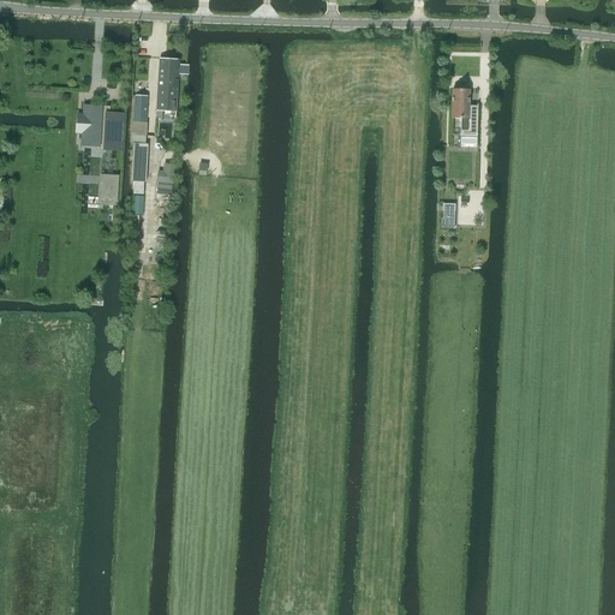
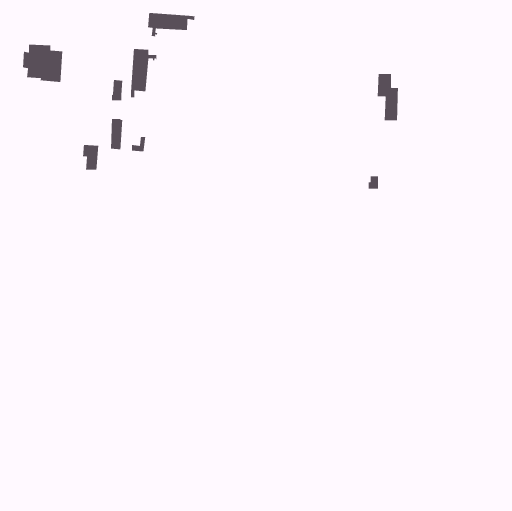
building: none -> [147,12,196,37]
building: [76,103,125,150] -> [22,44,63,83]

